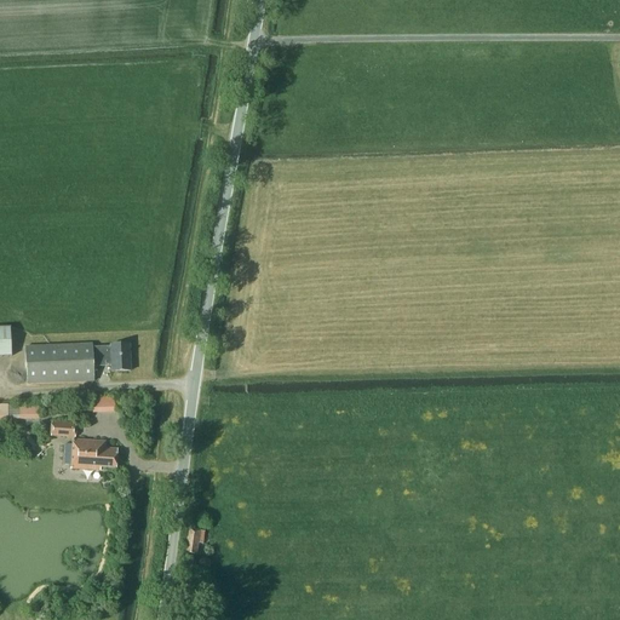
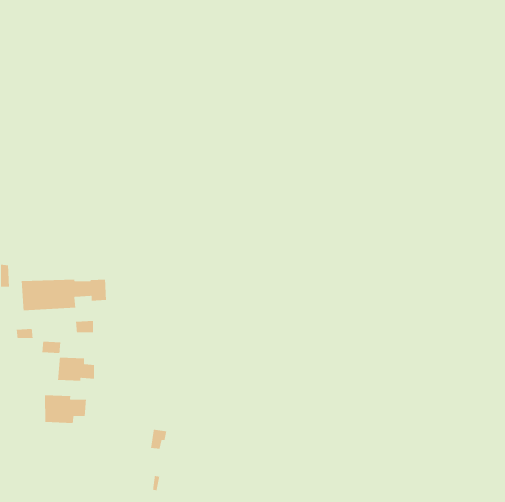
building: none -> [44,394,87,424]

